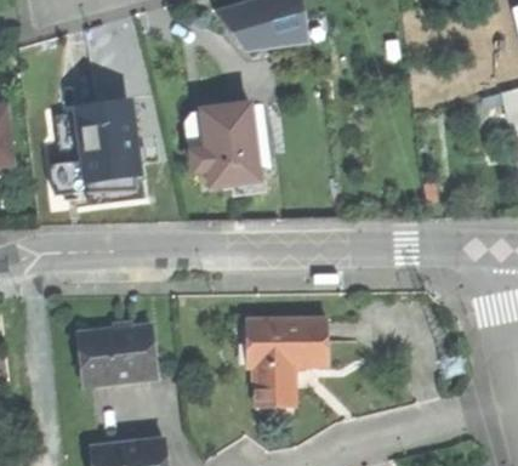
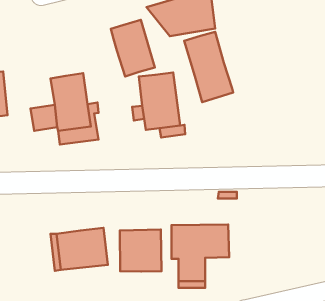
building: none -> [111,20,155,76]
building: none -> [184,32,233,102]
building: none -> [120,230,161,272]

